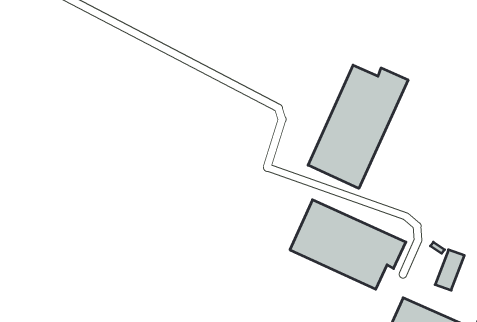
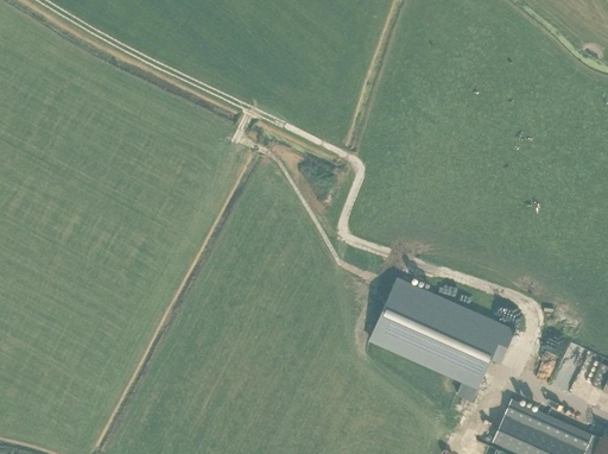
building: [308,65,408,188] -> none

